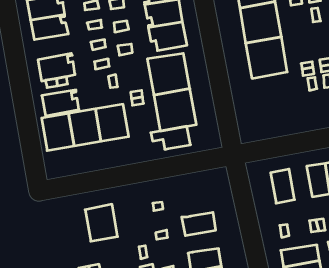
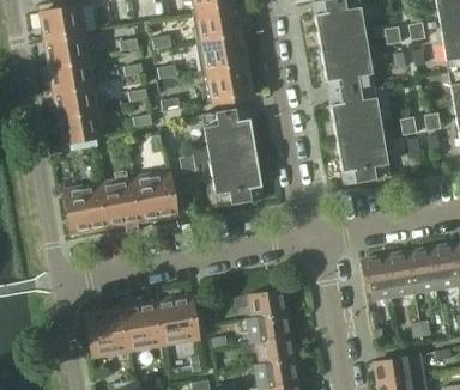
building: none -> [337,130,391,184]
building: [42,90,79,116] -> [55,81,103,115]
building: [151,126,191,149] -> [235,288,286,318]
building: none -> [385,252,414,295]
building: none -> [156,295,199,343]
building: none -> [86,309,128,355]
building: none -> [243,335,293,364]

